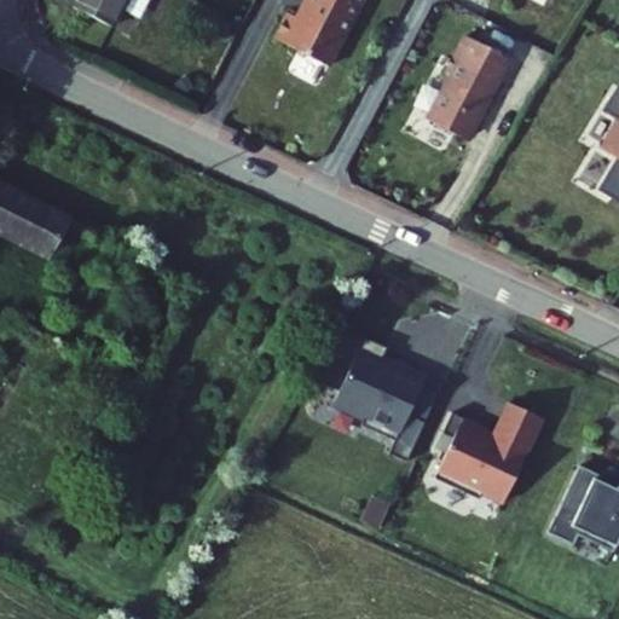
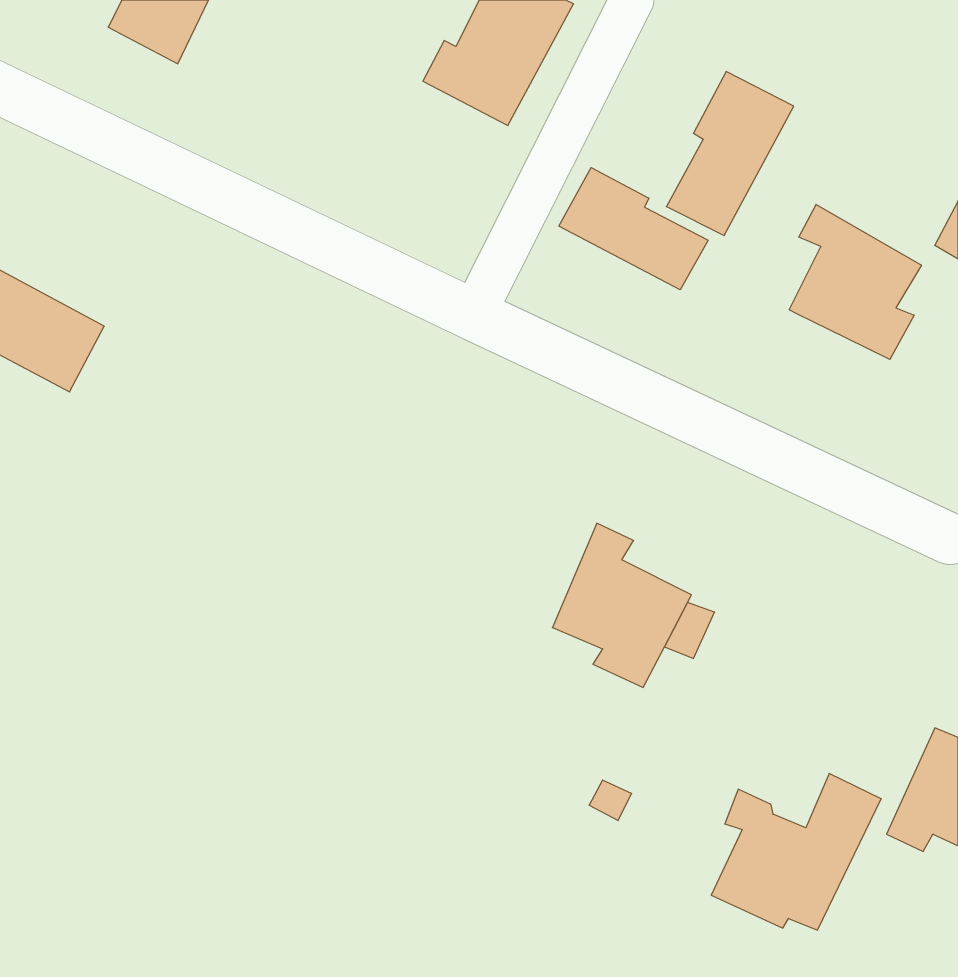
building: none -> [559,168,708,290]
building: none -> [789,204,921,359]
building: [439,398,545,496] -> [711,774,881,930]

